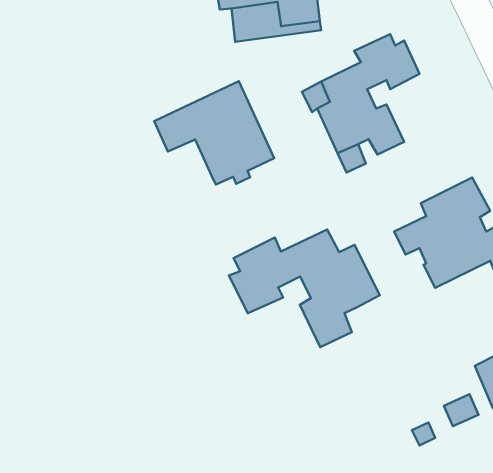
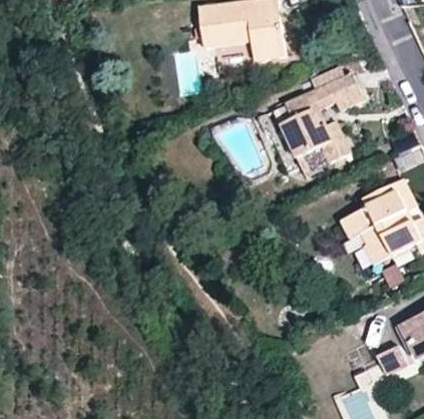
building: [154,81,274,184] -> none
building: [229,229,380,347] -> none

